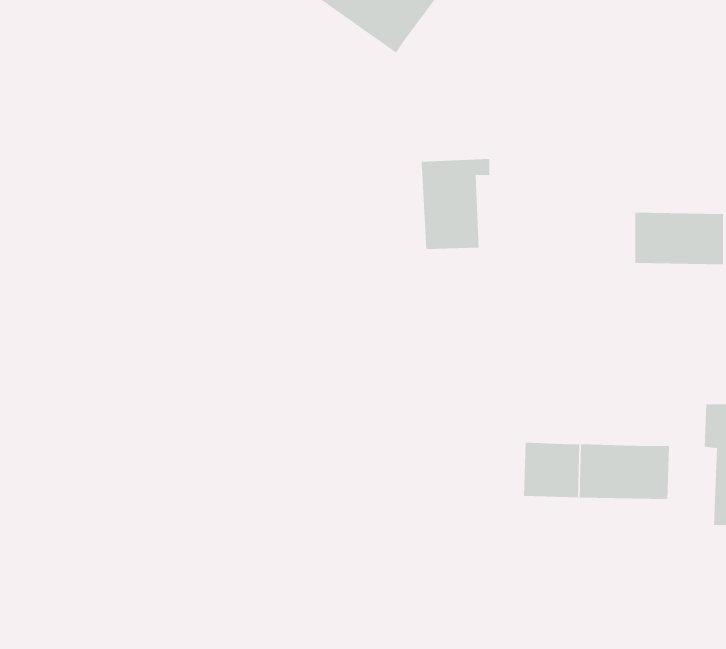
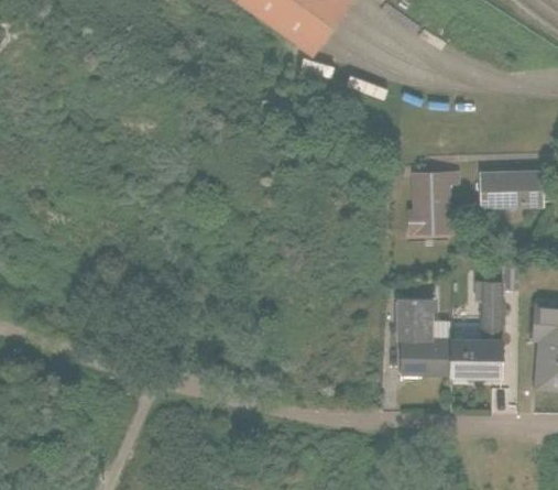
building: [421,158,490,250] -> [411,172,460,237]
building: none -> [473,282,506,336]
building: none -> [402,290,449,335]

